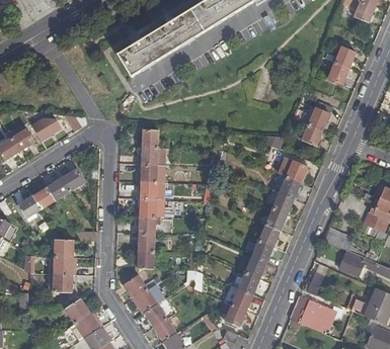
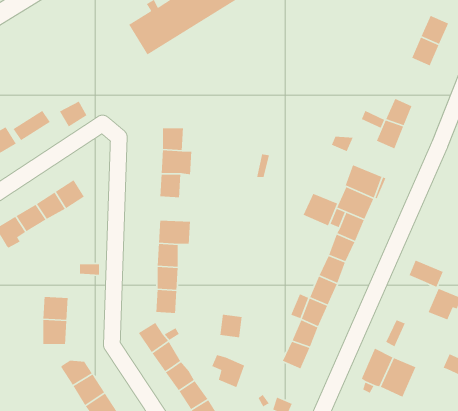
building: none -> [303,193,338,227]
building: [140,181,164,199] -> none
building: [48,237,72,256] -> none
building: [220,301,245,327] -> [211,354,245,388]

